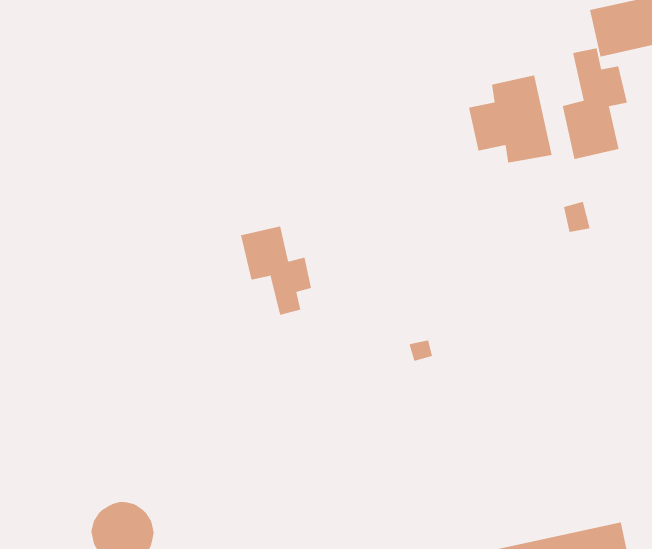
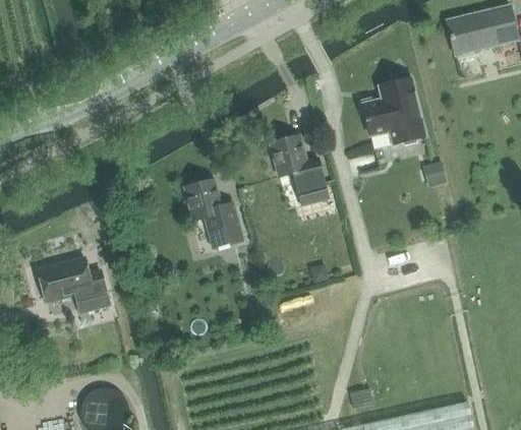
building: [562,47,627,160] -> none
building: none -> [271,136,329,206]
building: none -> [37,258,108,312]

